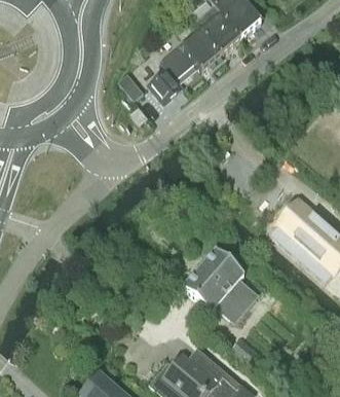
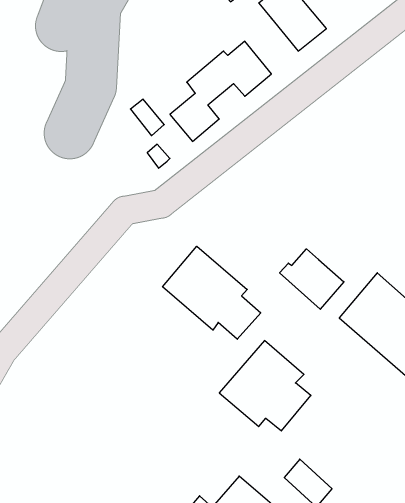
building: [198,14,240,55] -> none
building: none -> [163,246,261,339]
building: none -> [280,249,344,309]

